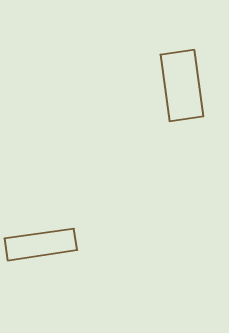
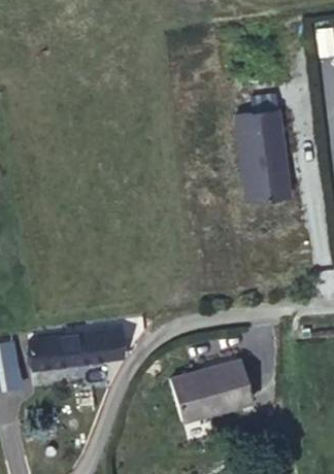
building: none -> [172,363,255,425]

